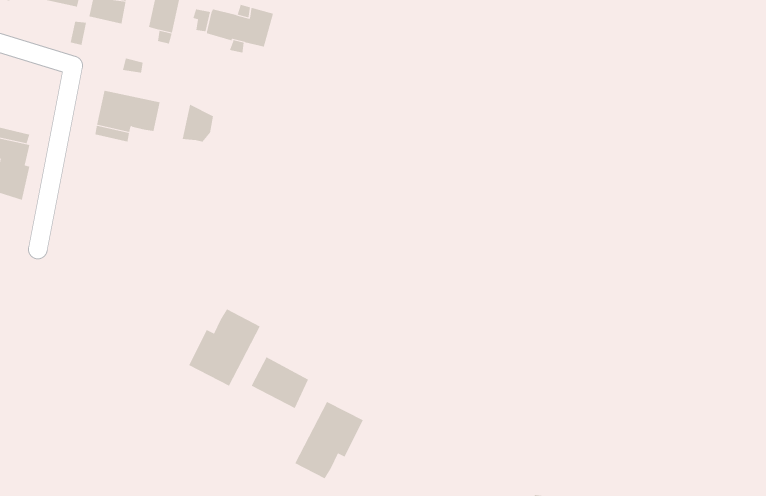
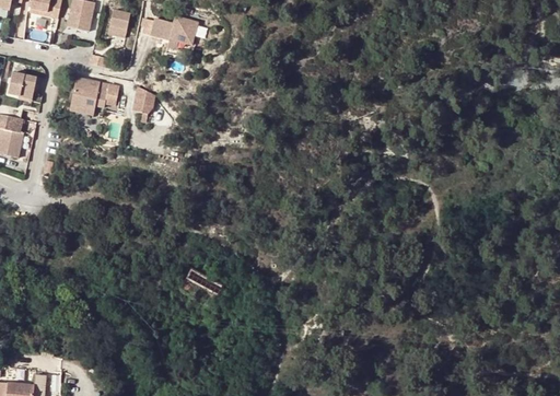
building: none -> [8,70,36,96]
building: [188,309,260,386] -> none
building: [295,401,364,479] -> none

